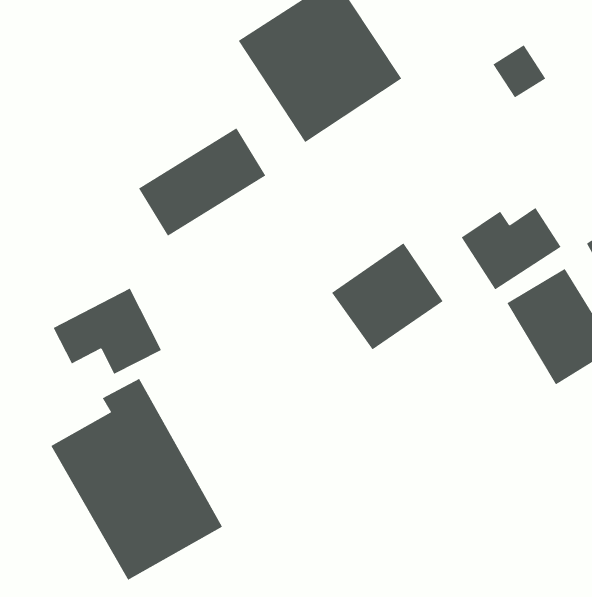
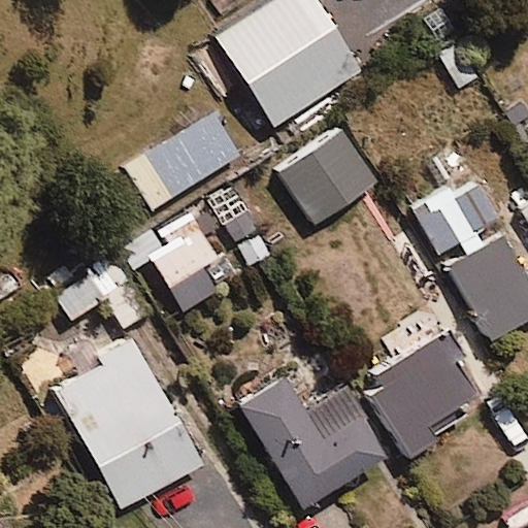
building: none -> [141,211,218,312]
building: [331,243,444,350] -> [278,130,377,225]
building: none -> [363,333,484,459]
building: none -> [239,380,386,507]

